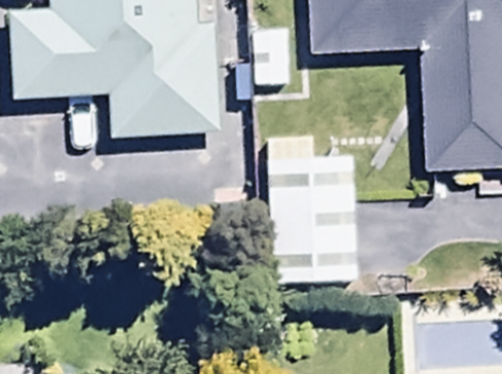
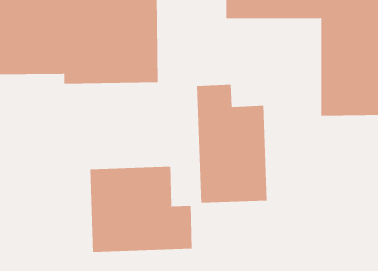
building: none -> [90,166,192,253]

